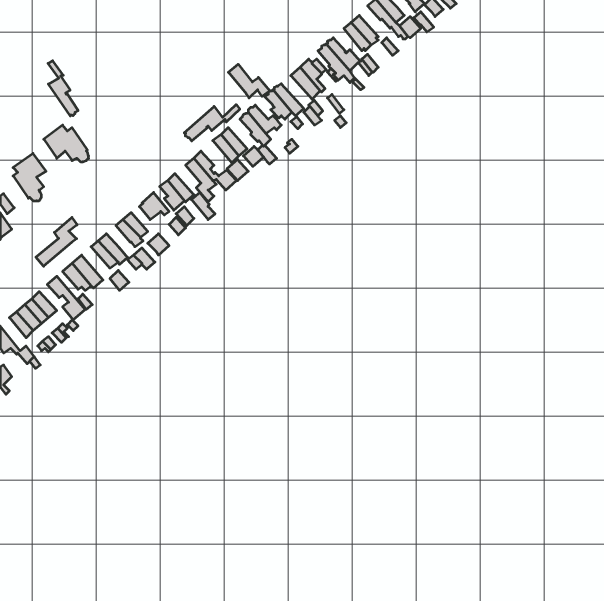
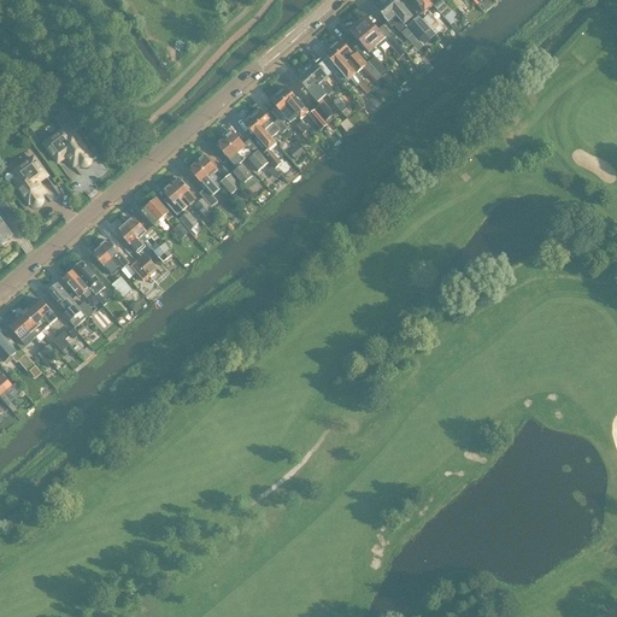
building: [48,61,78,116] -> none
building: [228,64,270,98] -> none
building: [184,105,240,141] -> none
building: [36,217,77,266] -> none

